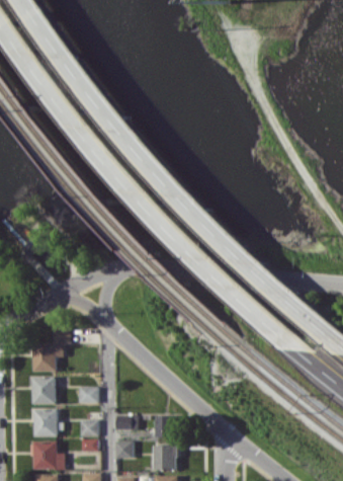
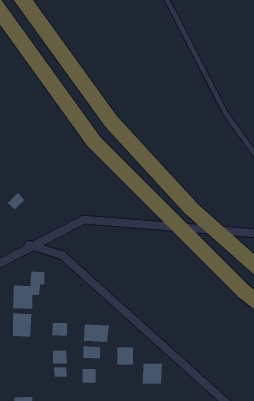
building: none -> [83,324,109,343]
building: [33,409,58,436] -> none
building: [32,442,64,470] -> none
building: [151,446,175,470] -> [142,363,163,384]

